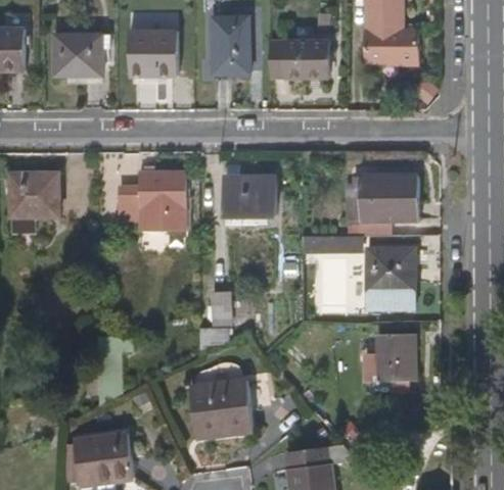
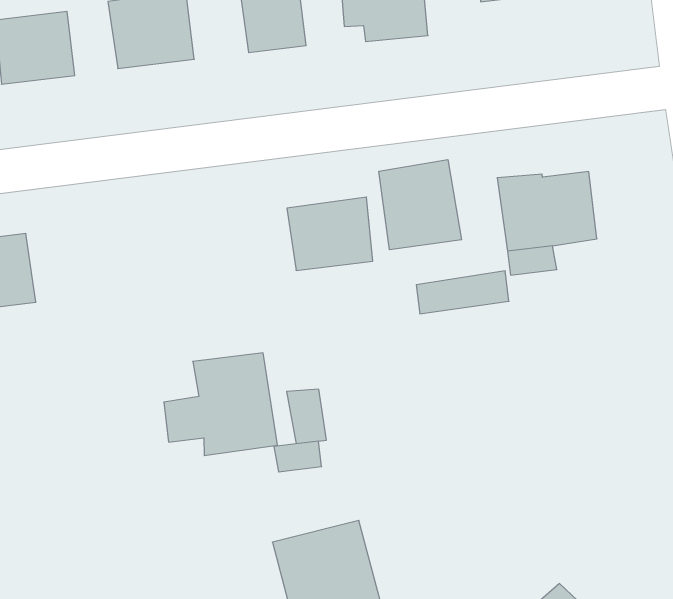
building: none -> [379,160,462,250]
building: [118,172,186,232] -> [164,353,277,456]
building: [366,247,415,307] -> none
building: [375,334,414,381] -> none

